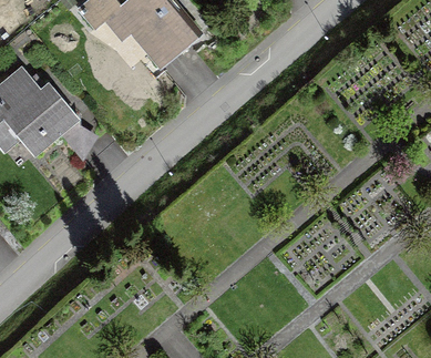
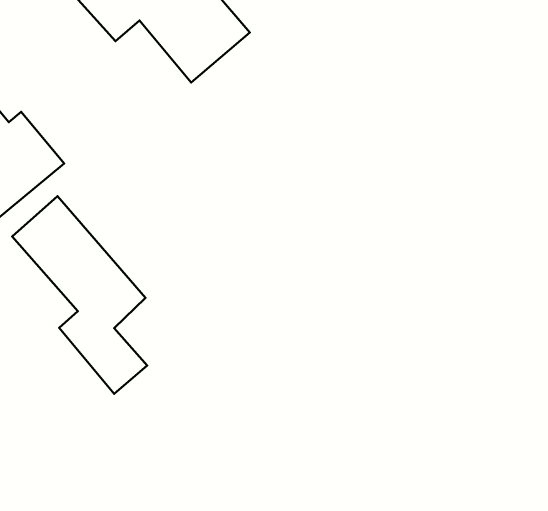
building: none -> [12,196,147,394]

